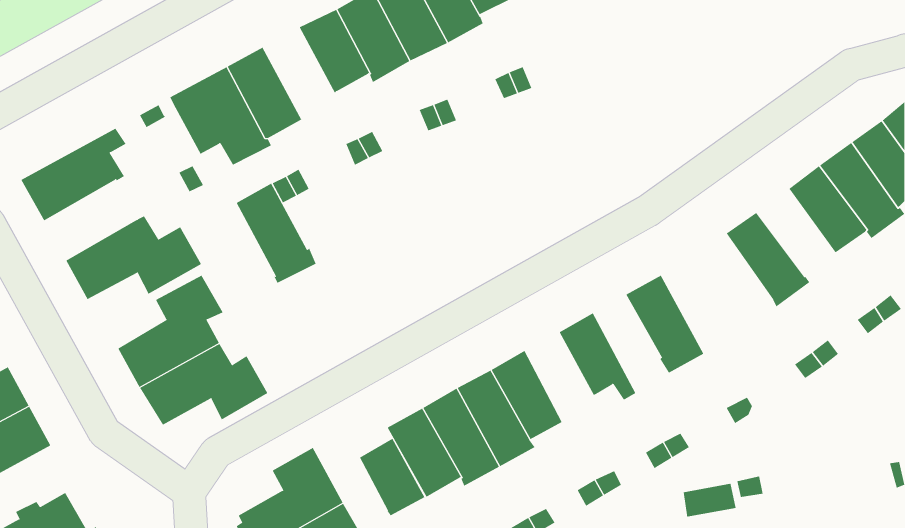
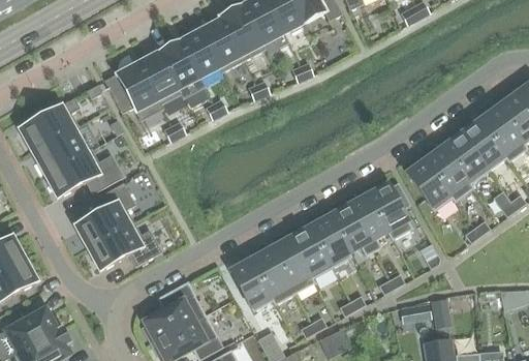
building: none -> [32,127,86,174]
building: [236,183,317,283] -> [158,39,205,97]
building: none -> [442,132,488,183]
building: none -> [406,158,452,210]
building: none -> [348,193,387,250]
building: none -> [309,215,351,267]
building: [359,438,425,516] -> none

